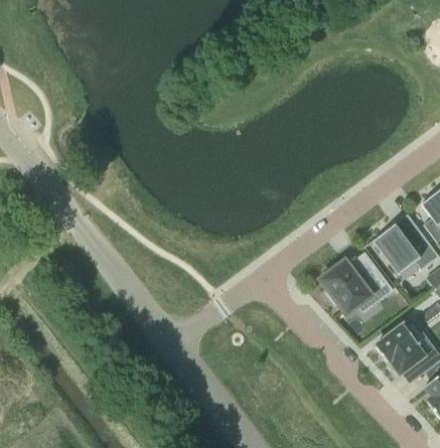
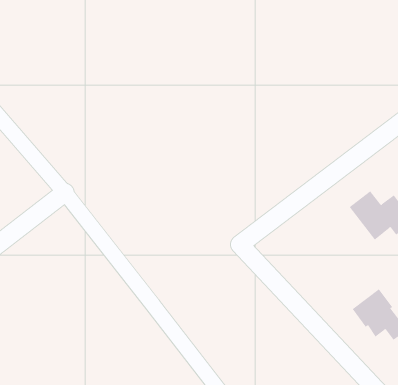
building: [321,261,392,313] -> none

